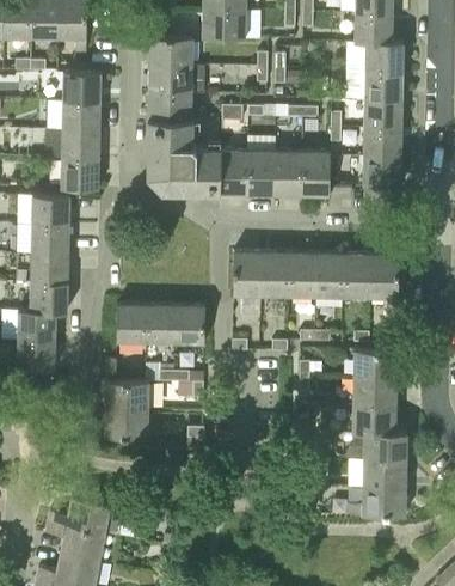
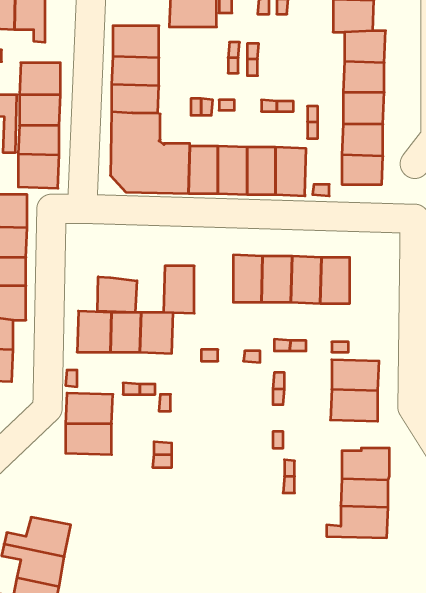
building: [233,251,262,295] -> [164,266,194,313]
building: [370,254,399,311] -> none
building: none -> [97,277,137,312]
building: [352,405,396,434] -> none

